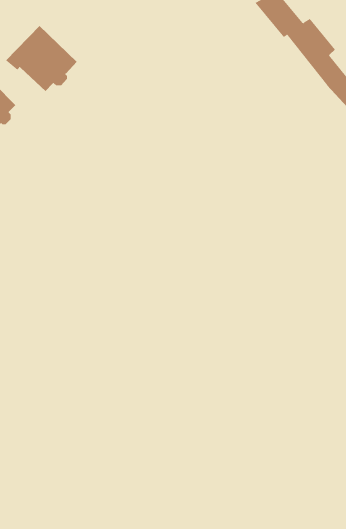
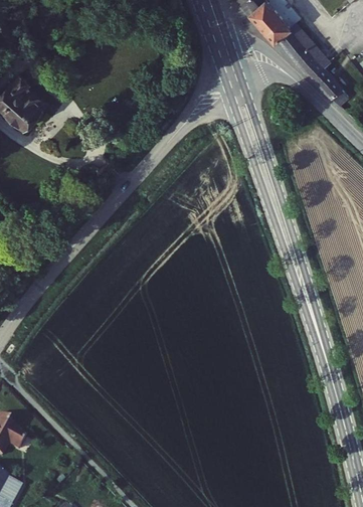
building: [5,25,77,92] -> none

